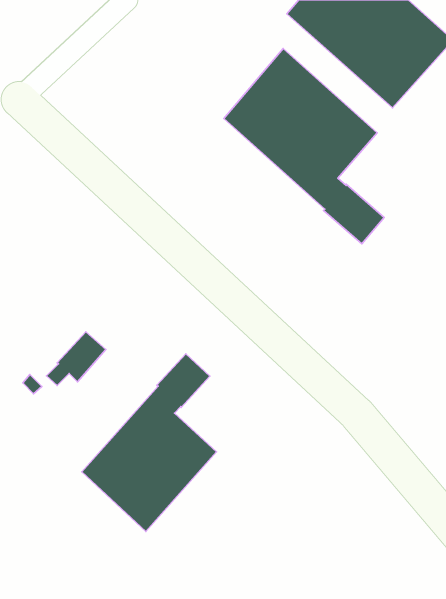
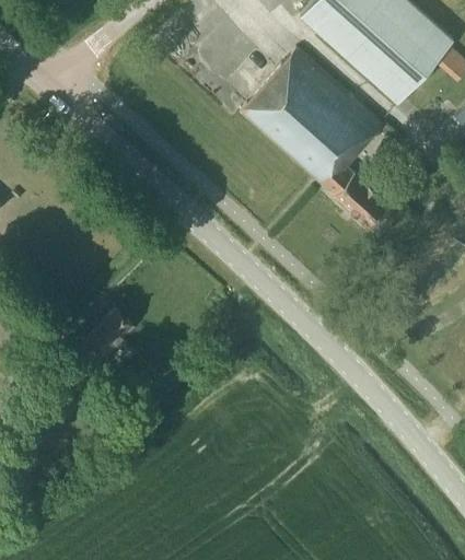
building: [82,354,217,532] -> none

